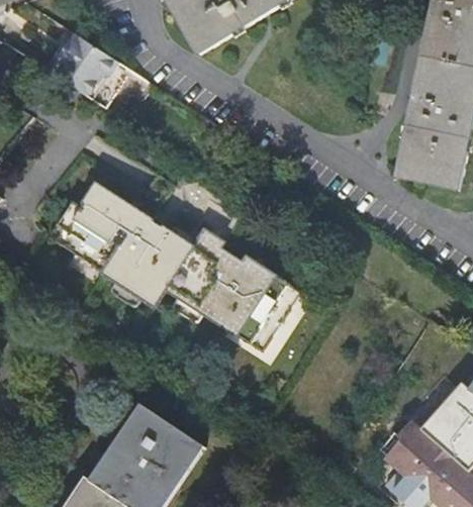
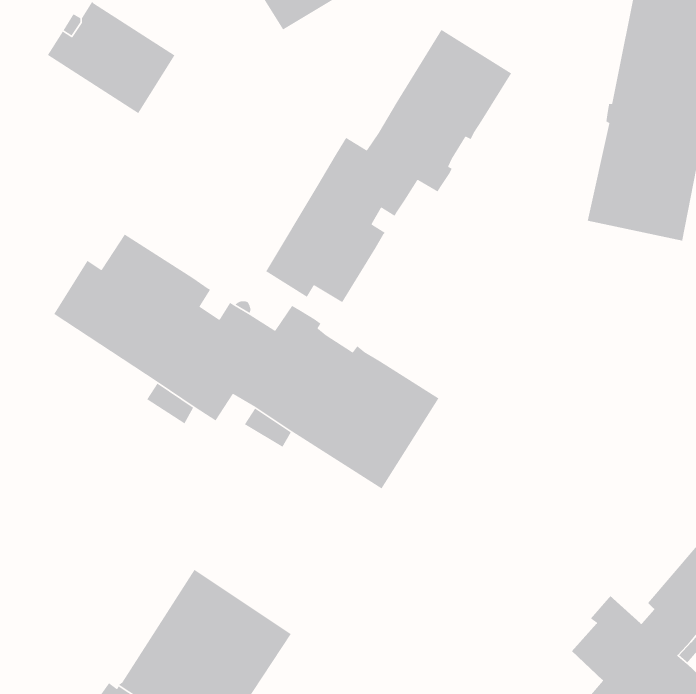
building: none -> [265,29,512,303]

